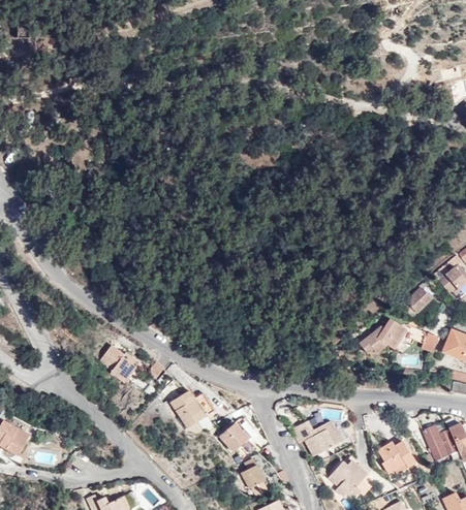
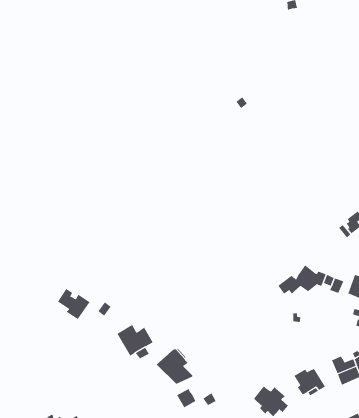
building: [403,285,433,315] -> none
building: [300,418,346,454] -> none

